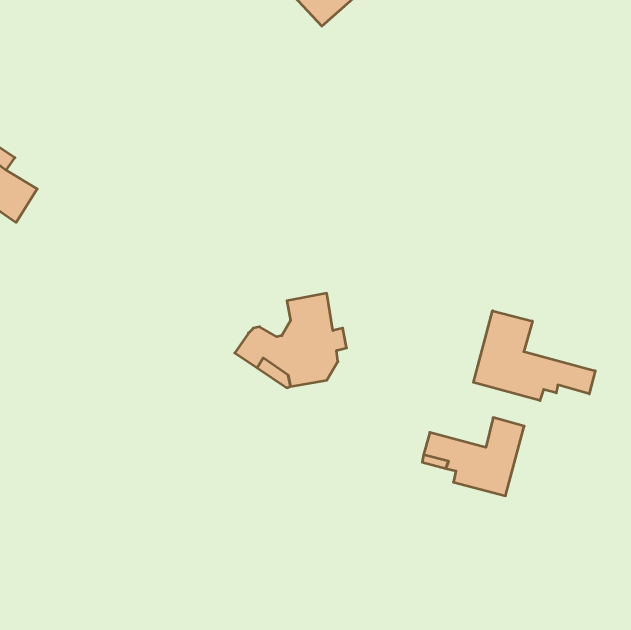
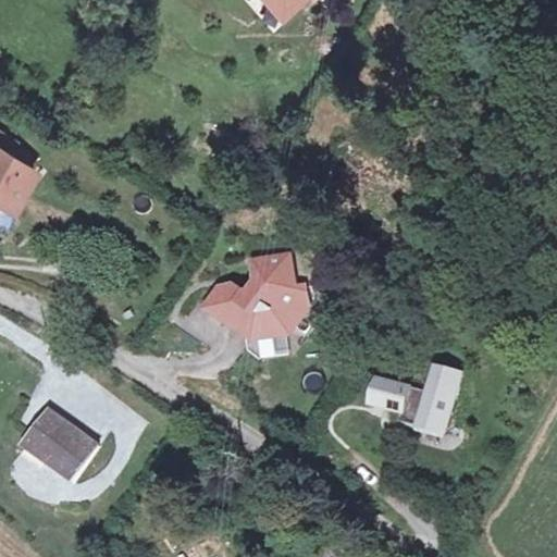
building: [473,311,595,401] -> none
building: none -> [24,405,95,471]

